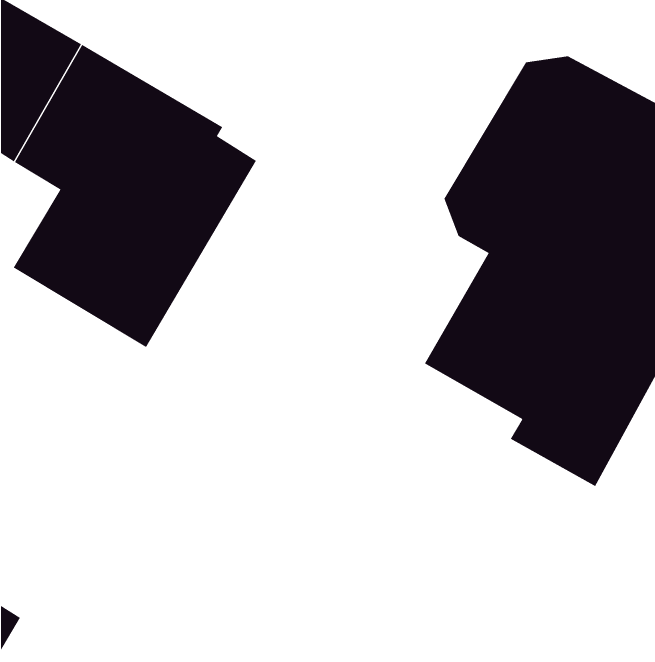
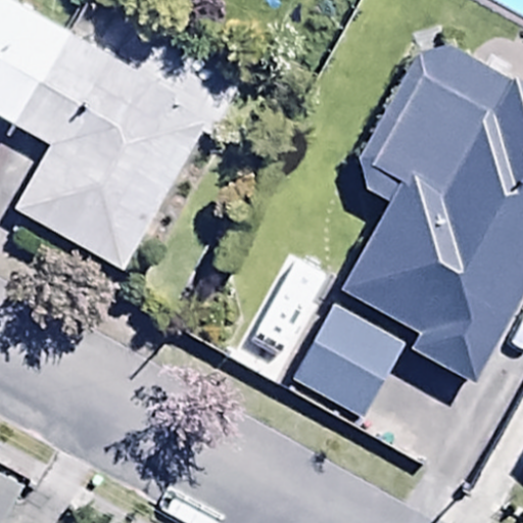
building: none -> [289,303,403,417]

